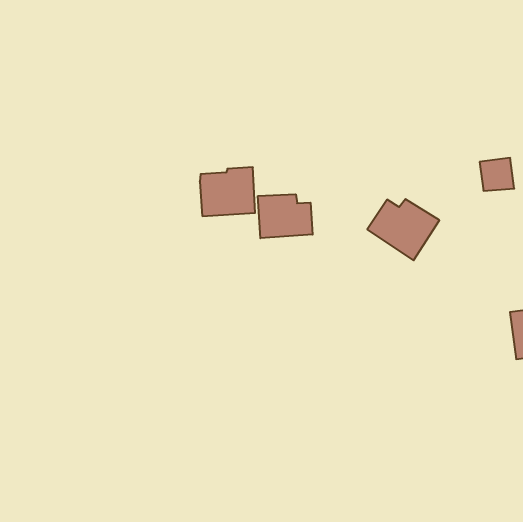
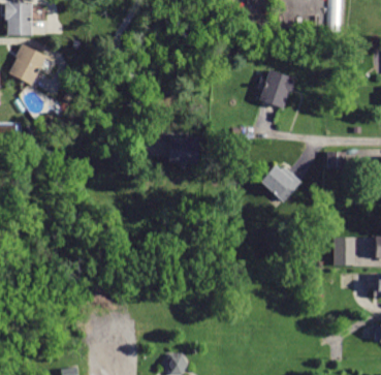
building: none -> [259,68,297,107]
building: [258,194,313,238] -> none

